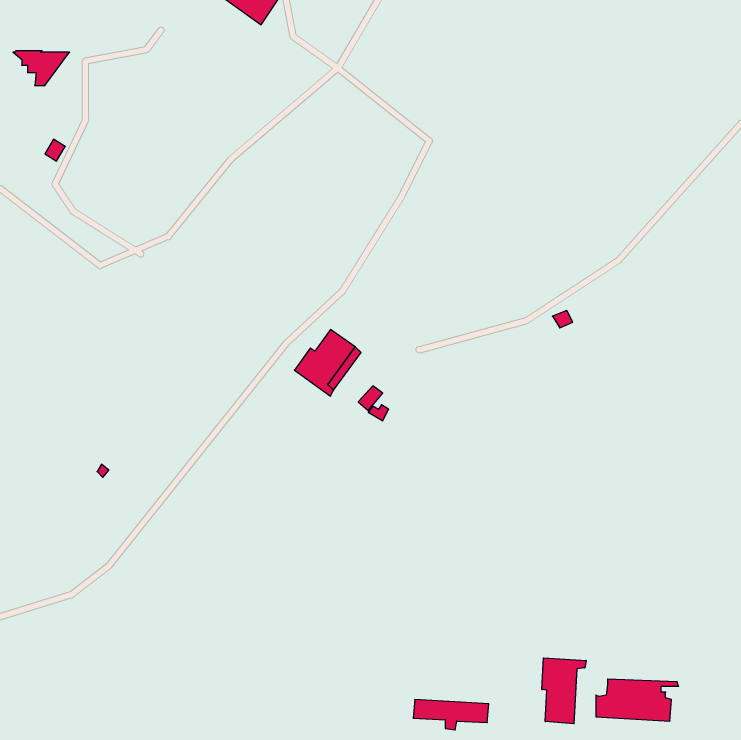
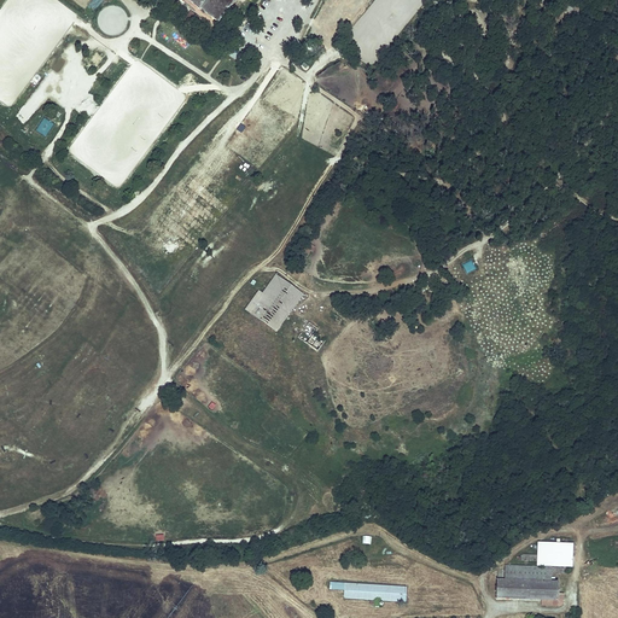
building: none -> [537,543,572,566]
building: [542,658,586,724] -> none

